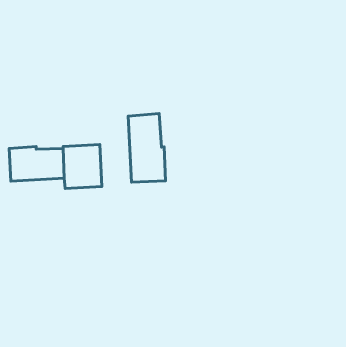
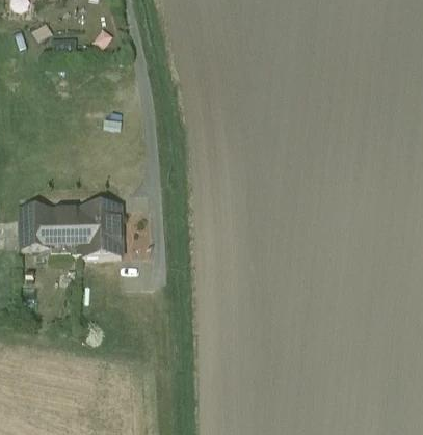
building: [128,114,166,182] -> none

